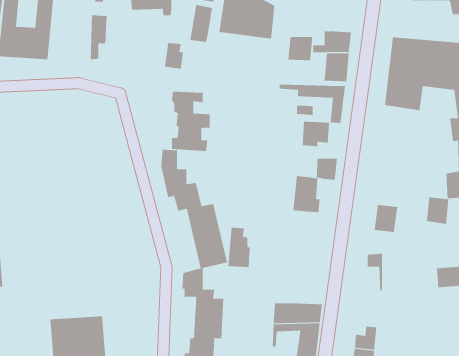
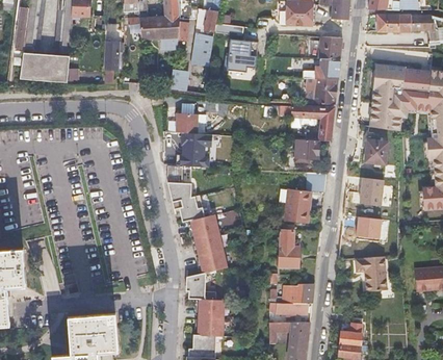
building: [288,37,313,61] -> [317,37,340,59]
building: none -> [365,140,386,165]
building: [426,197,449,225] -> [362,179,383,204]
building: [227,227,251,268] -> [279,230,299,266]
building: none -> [366,257,384,291]
building: none -> [283,283,314,304]

